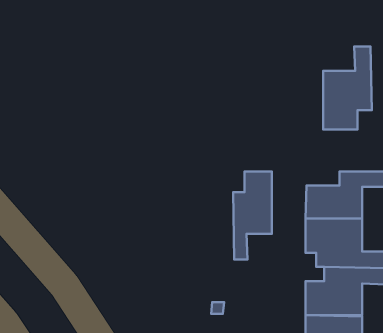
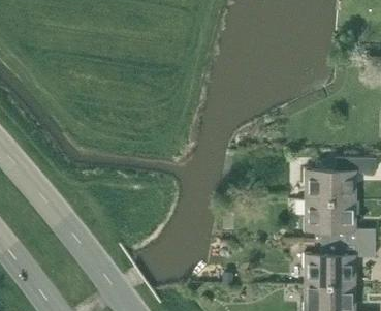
building: [323,46,372,130] -> none
building: [233,172,272,260] -> none

